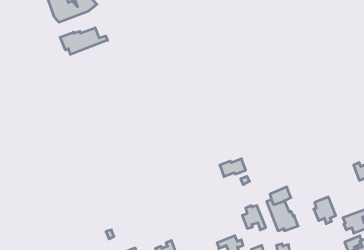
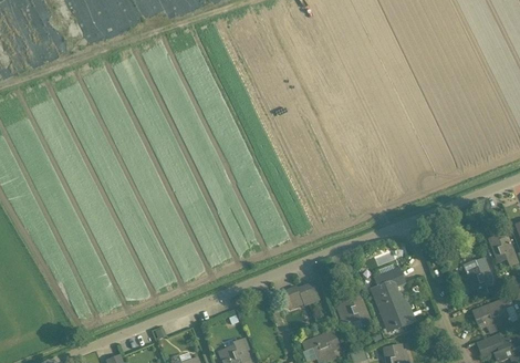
building: [60,28,108,54] -> none
building: [220,159,246,177] -> [283,282,319,307]
building: [314,197,336,224] -> [464,257,493,293]

